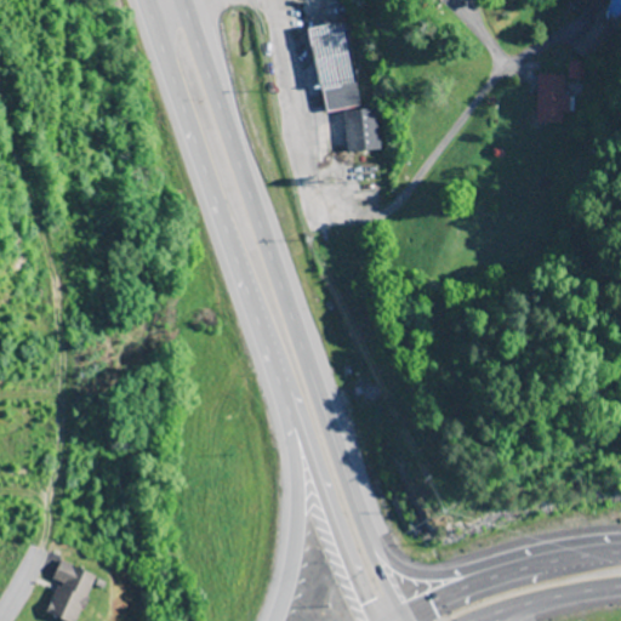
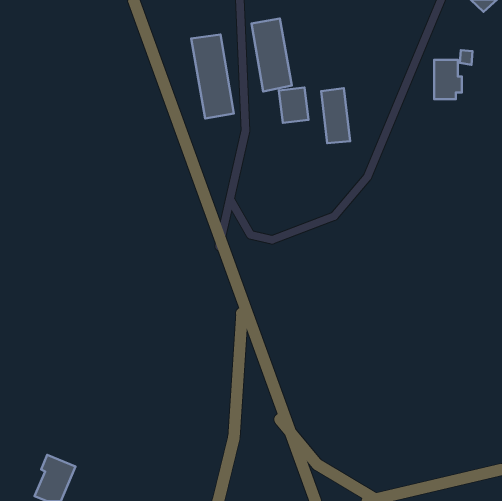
building: none -> [191,35,234,119]
building: none -> [321,88,350,143]

